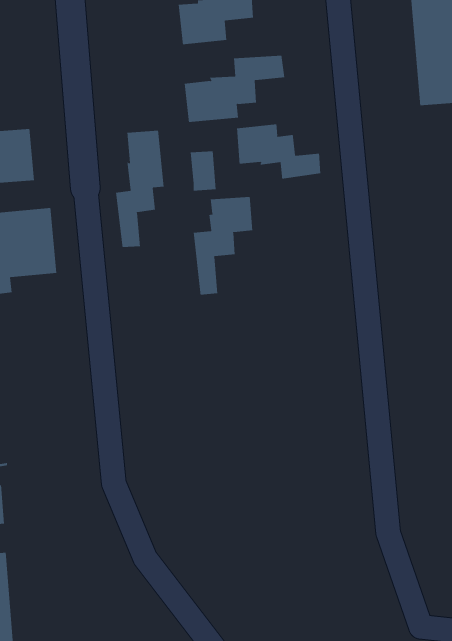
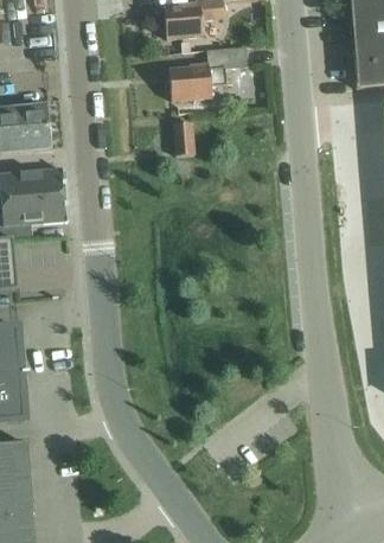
building: [236,123,321,179] -> none
building: [116,130,164,248] -> none
building: [193,196,253,296] -> none

